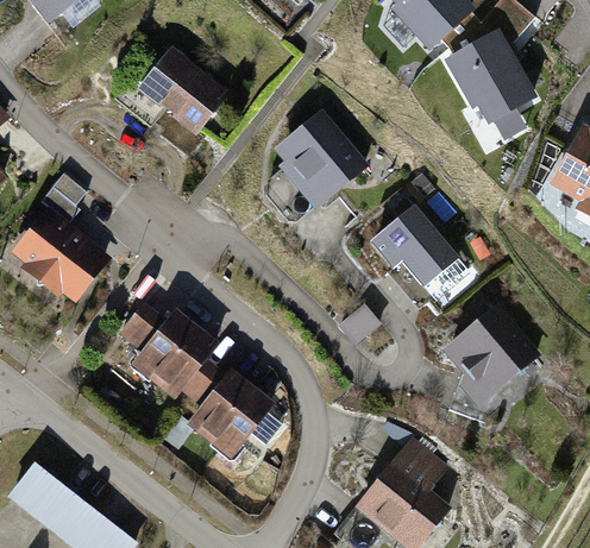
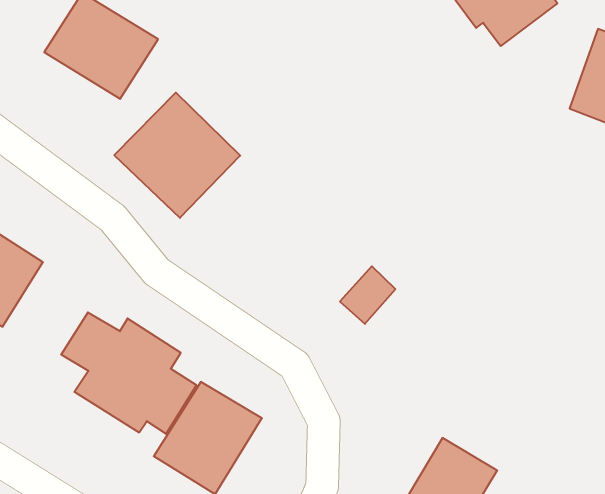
building: [268,109,368,209] -> [114,93,240,218]
building: [364,202,459,288] -> none
building: [438,302,538,399] -> none

